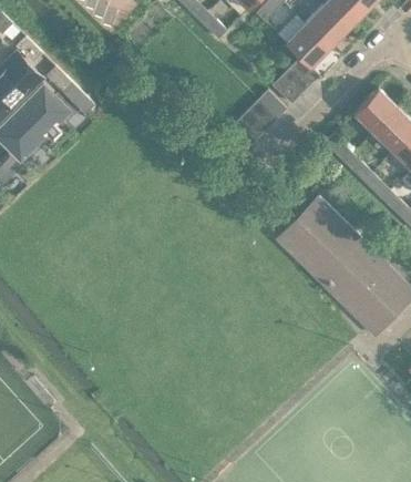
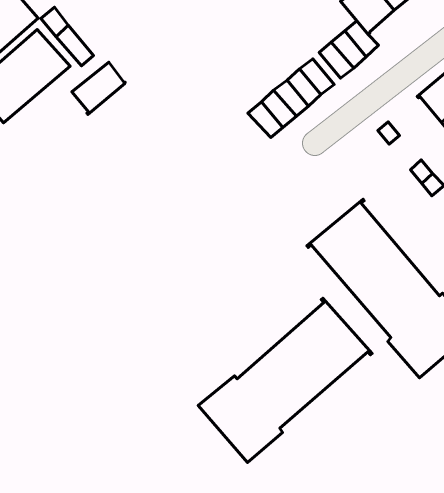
building: none -> [72,62,125,114]
building: none -> [198,298,372,462]

